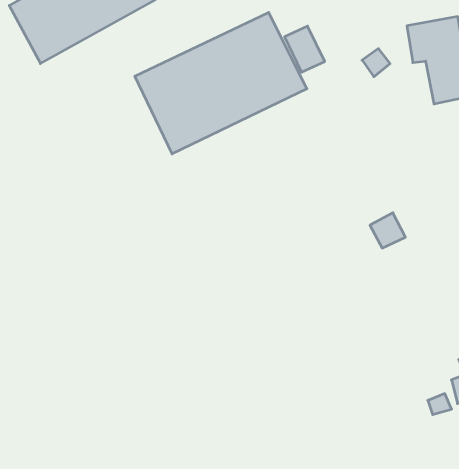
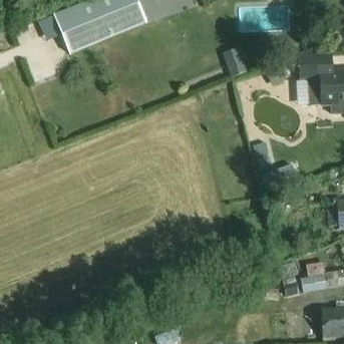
building: [135,12,307,154] -> none

